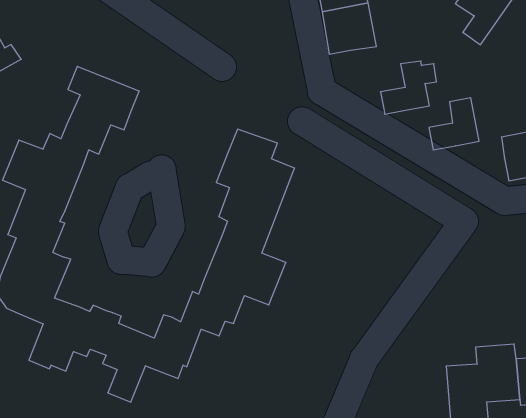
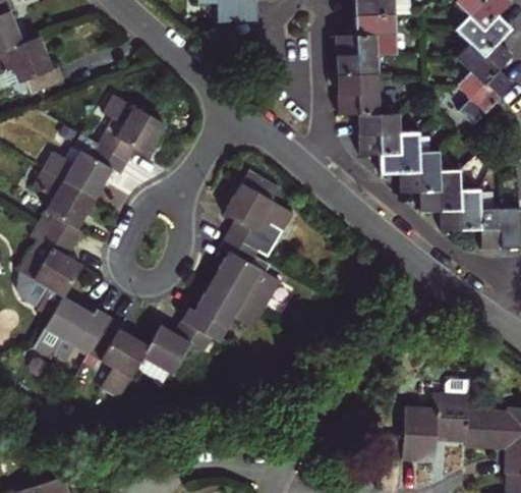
building: none -> [358,113,402,155]
building: none -> [398,151,440,193]
building: none -> [440,188,481,230]

